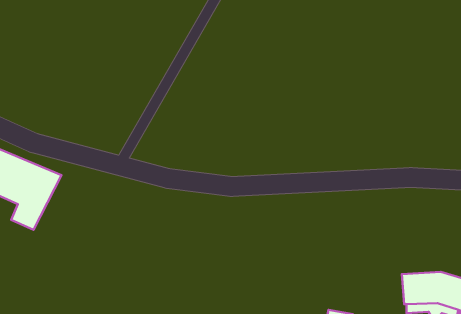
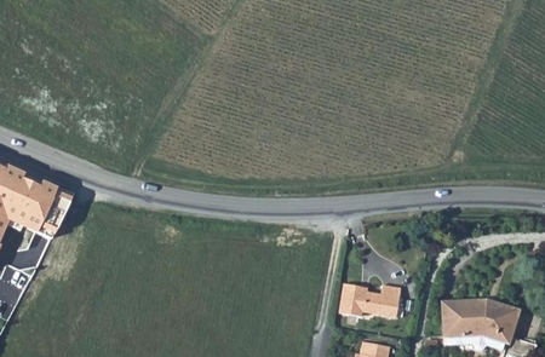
building: none -> [338,282,400,316]

